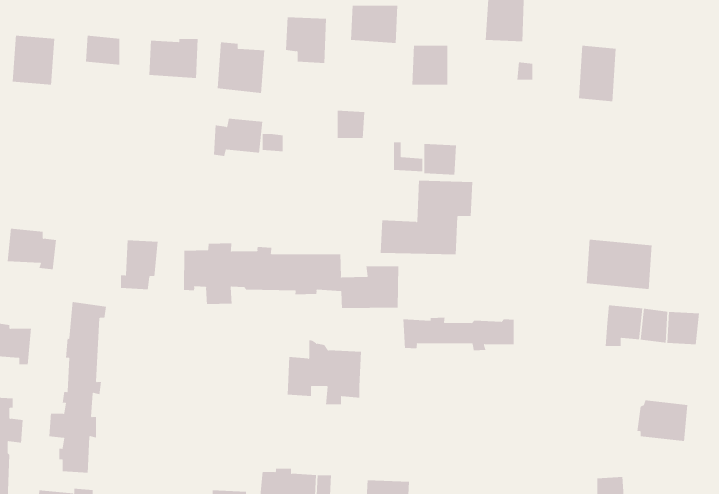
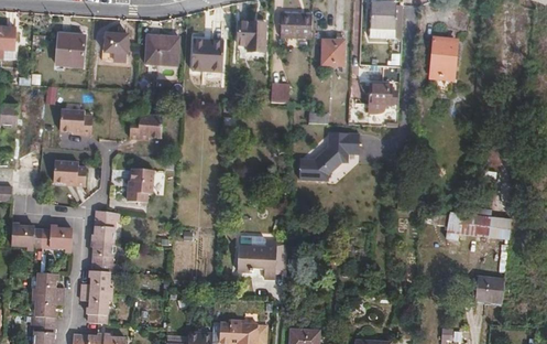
building: [213,118,263,157] -> [131,114,164,139]
building: [424,144,457,175] -> [369,86,391,107]
building: none -> [59,108,90,136]
building: [586,239,652,290] -> none
building: [184,242,399,309] -> none
building: [403,317,514,351] -> none

